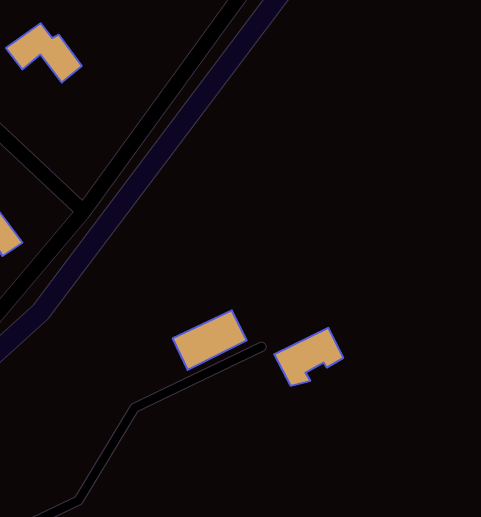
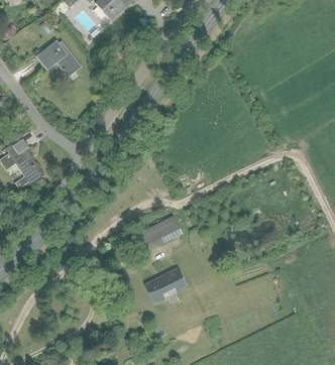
building: [274,328,343,386] -> [143,267,186,302]

